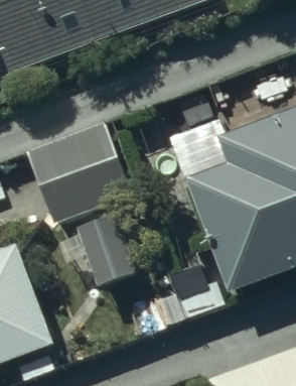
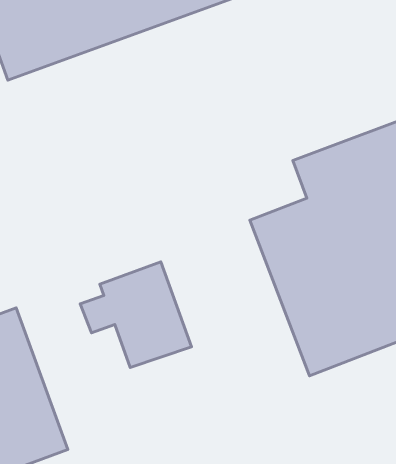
building: [28,124,135,224] -> none

